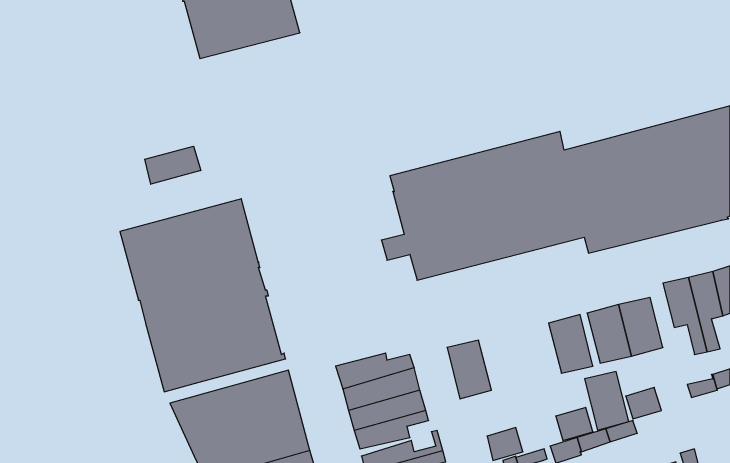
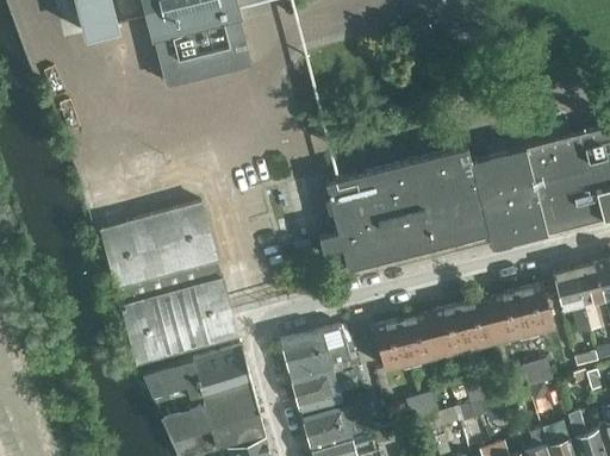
building: [145,146,201,184] -> none
building: none -> [399,314,436,363]
building: [585,372,629,430] -> [431,307,468,356]

